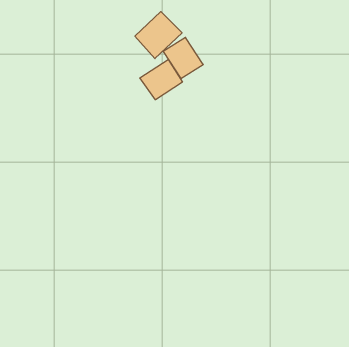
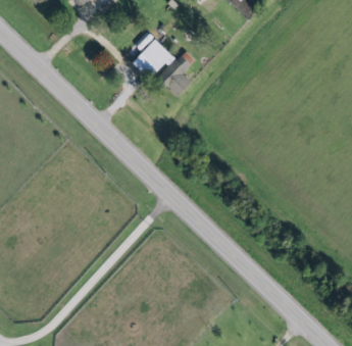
building: [140,59,182,100] -> none

